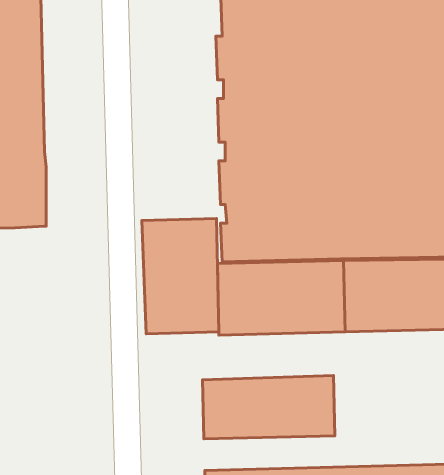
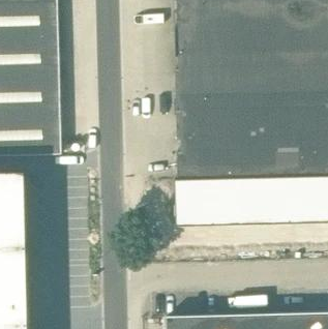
building: [142,219,219,334] -> none
building: [202,376,335,439] -> none

